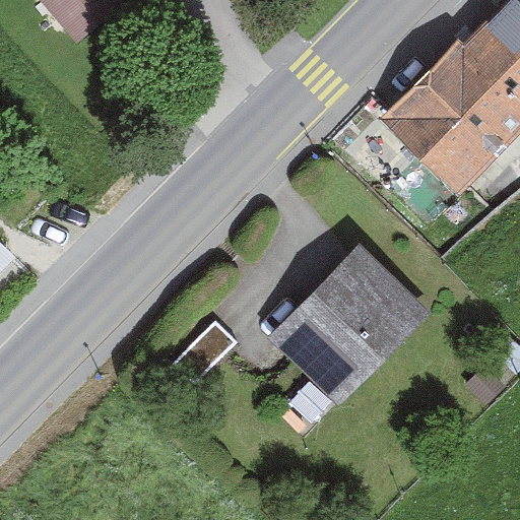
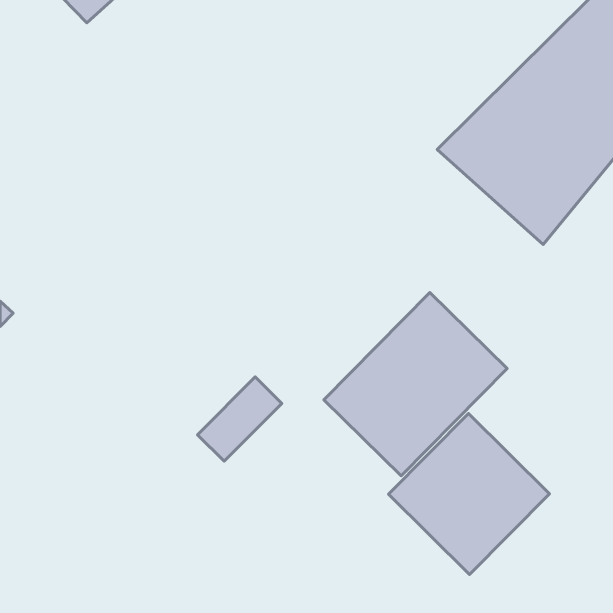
building: none -> [388,414,549,574]

